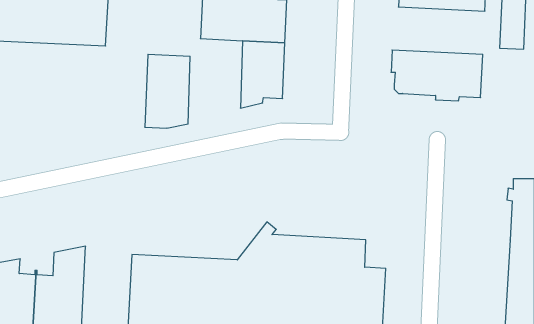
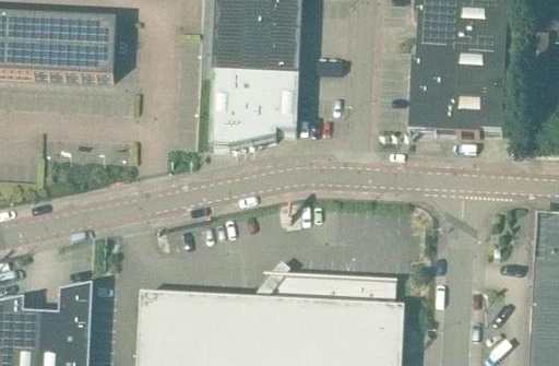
building: none -> [411,36,507,85]
building: [145,54,190,128] -> [209,69,255,145]

